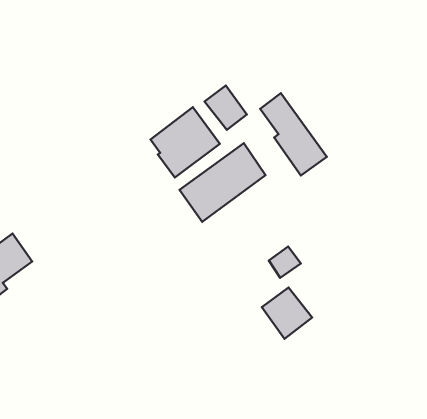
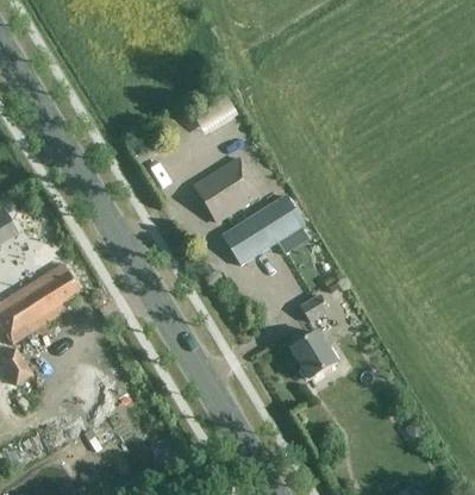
building: [204,85,247,130] -> none
building: [260,93,327,176] -> none

